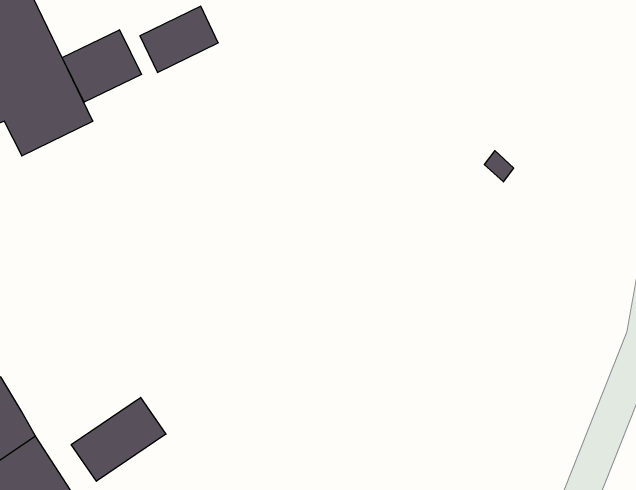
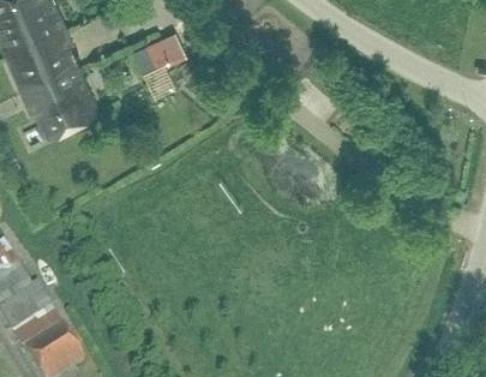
building: [62,30,142,102] -> none
building: [71,397,166,481] -> none

